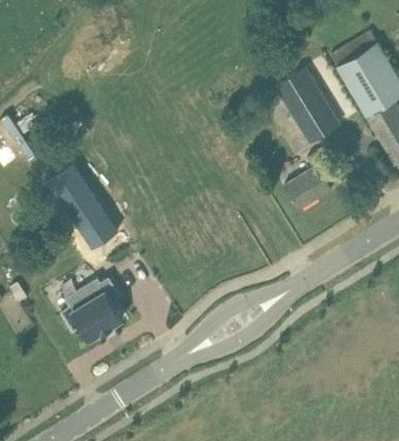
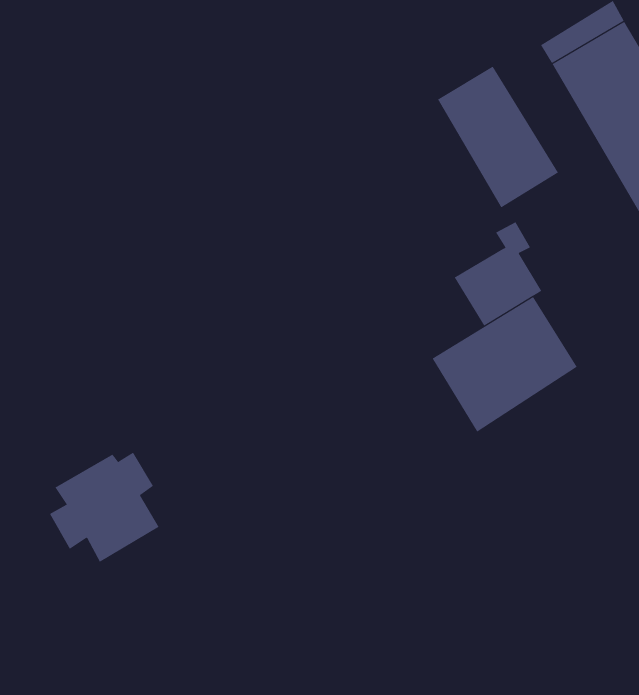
building: [46,163,118,249] -> none
building: none -> [432,296,577,432]

